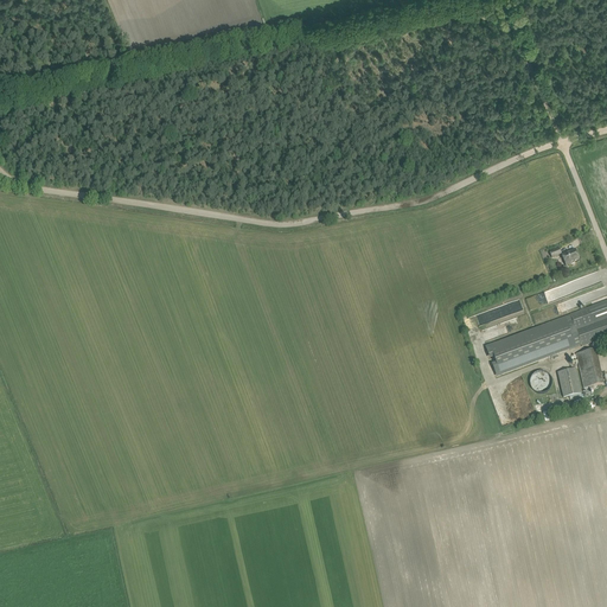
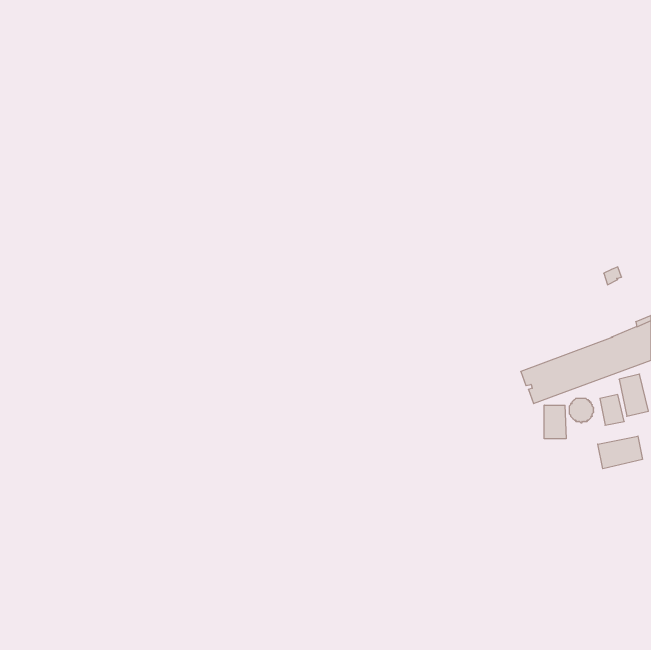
building: none -> [544,405,566,439]
building: none -> [598,436,642,469]

